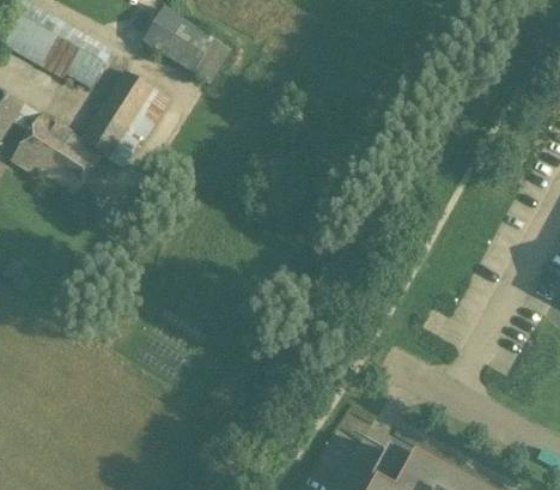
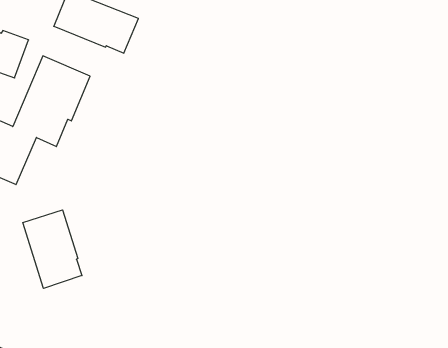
building: none -> [23,210,82,288]

